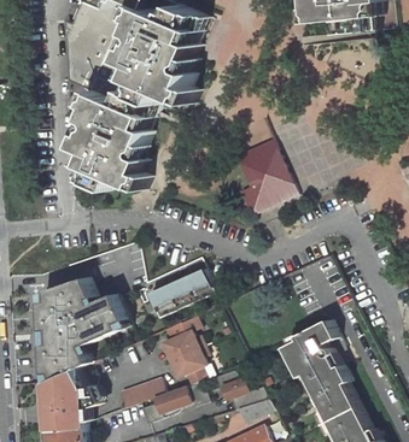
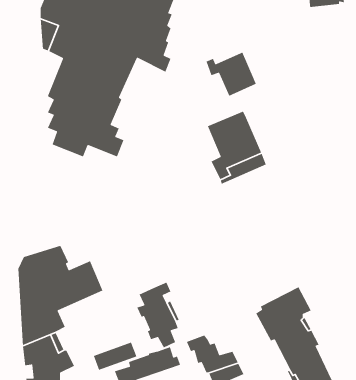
building: none -> [205,52,257,97]
building: [145,269,211,318] -> none

